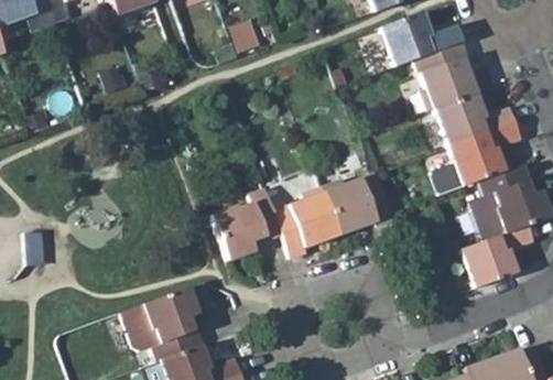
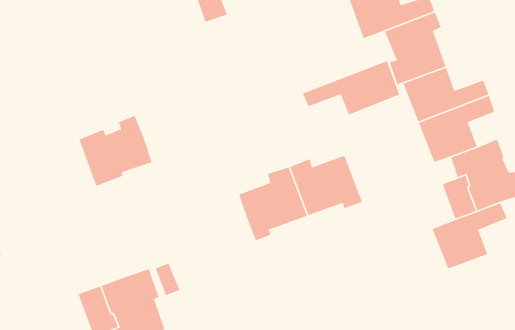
building: none -> [302,60,400,116]
building: [213,192,283,260] -> [78,115,153,187]

